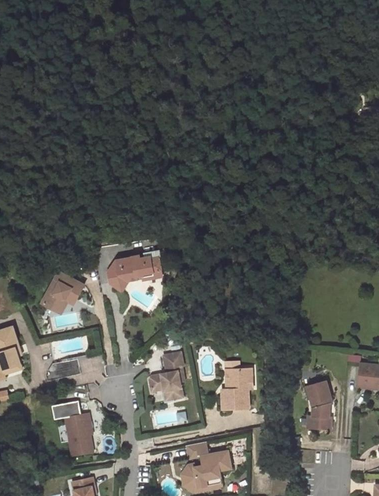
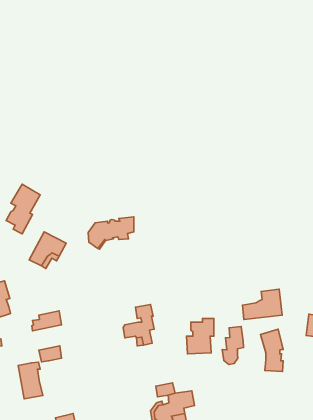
building: none -> [6,184,40,234]
building: none -> [243,289,282,320]
building: none -> [222,326,244,365]
building: [64,413,92,455] -> [18,362,43,399]

